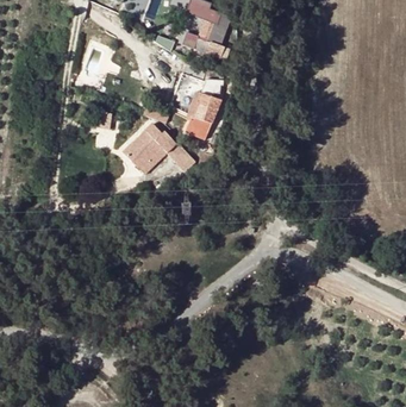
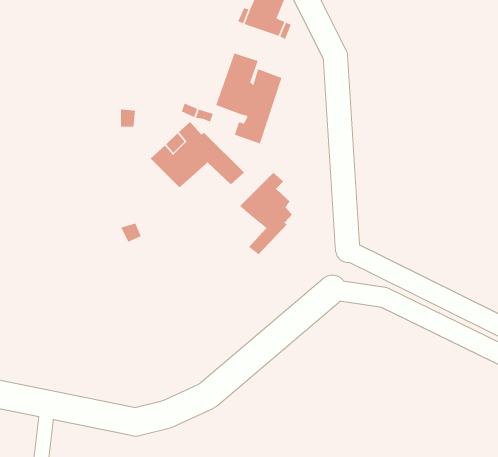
building: none -> [239,172,293,255]

